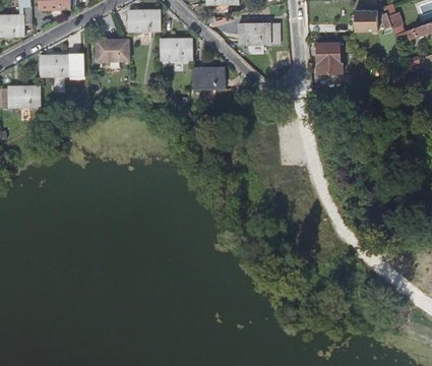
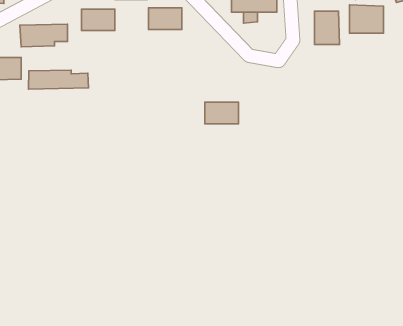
building: none -> [350,5,384,33]
building: [193,69,225,89] -> [205,102,238,124]
building: none -> [28,70,89,89]

